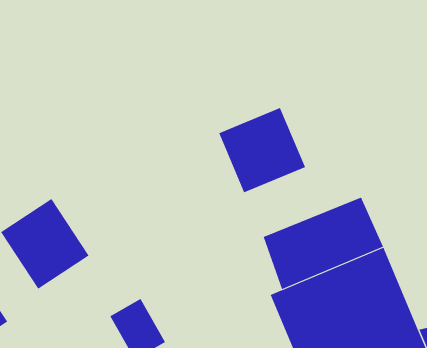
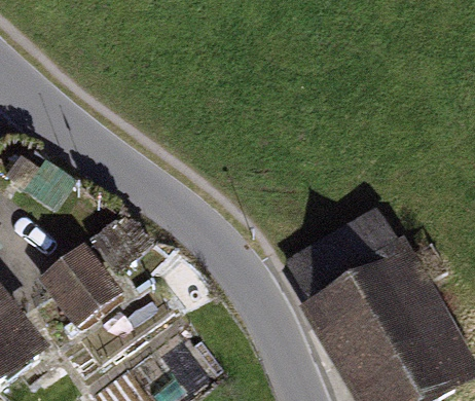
building: [218,107,306,193] -> none

